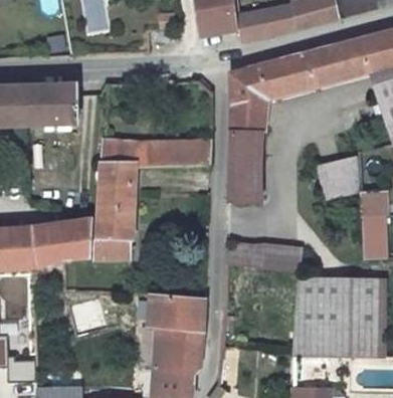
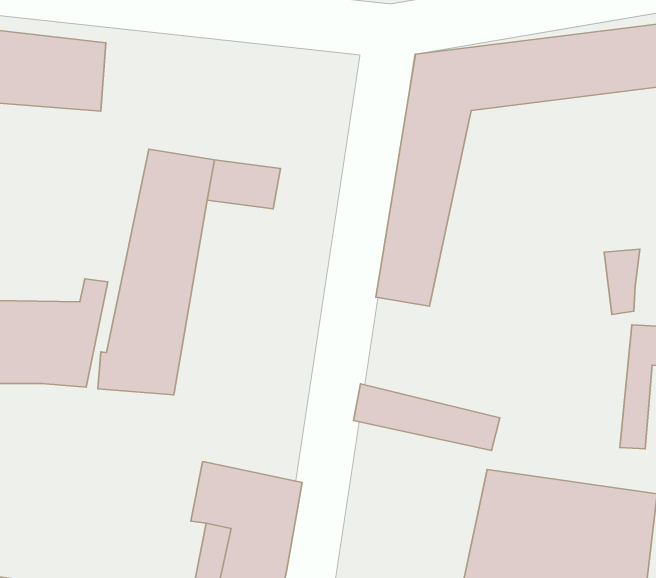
building: [170,140,211,162] -> none
building: [317,161,350,198] -> none

